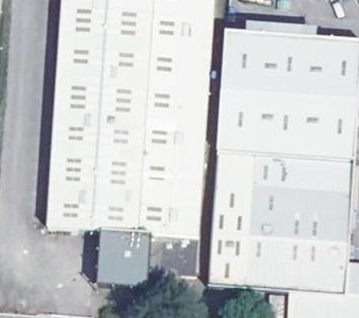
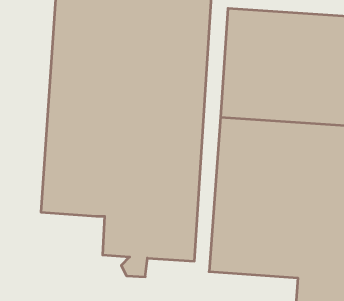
building: [96,234,131,291] -> none

